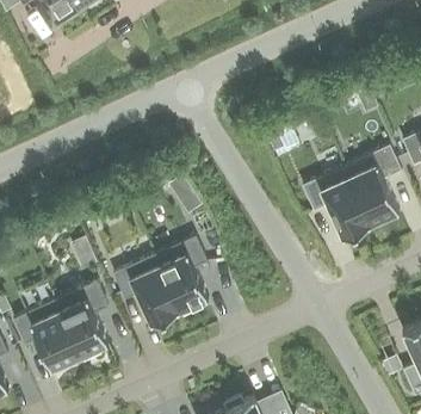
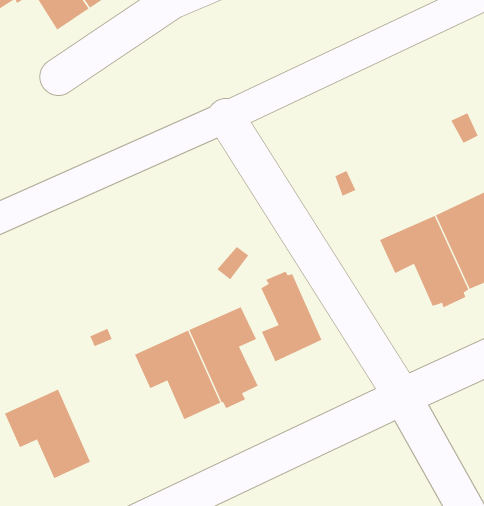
building: none -> [261,271,322,362]
building: [55,280,109,360] -> none

